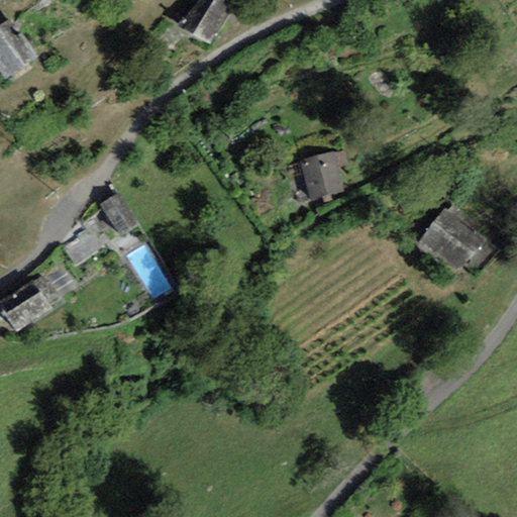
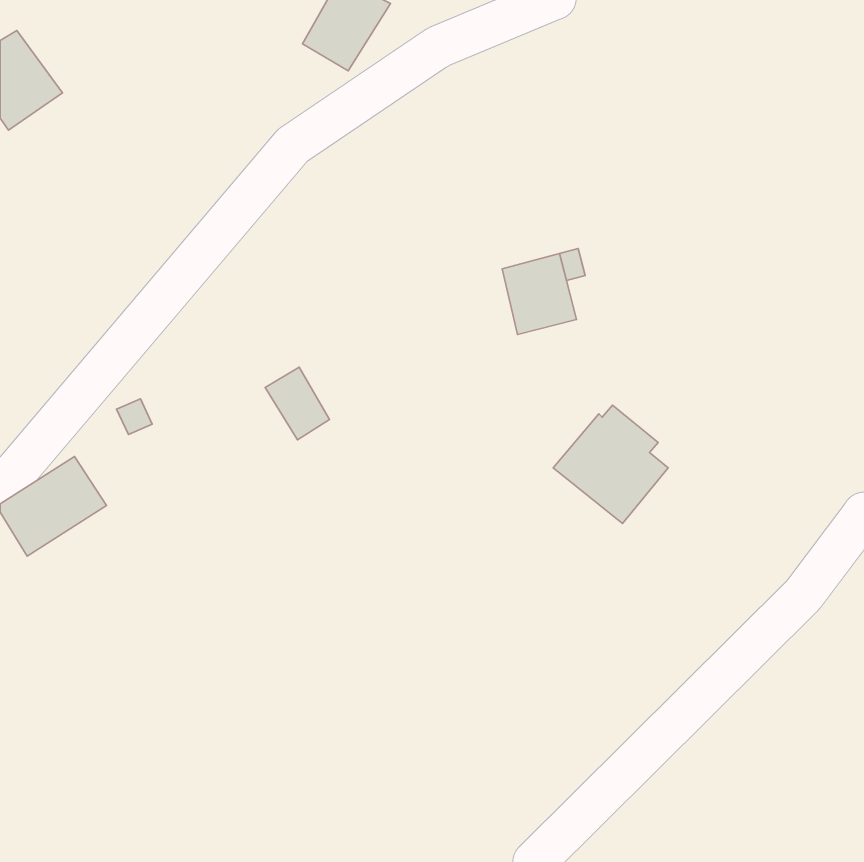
building: [99,192,137,235] -> [265,367,329,440]
building: [417,203,486,274] -> [553,405,668,524]

